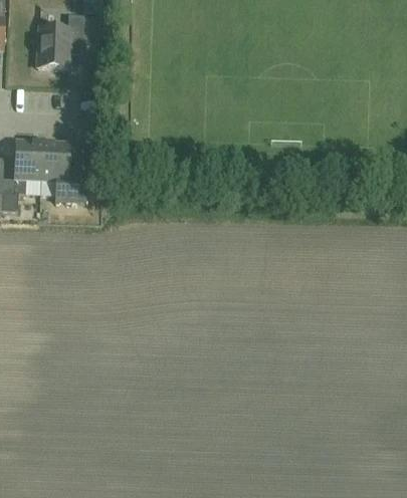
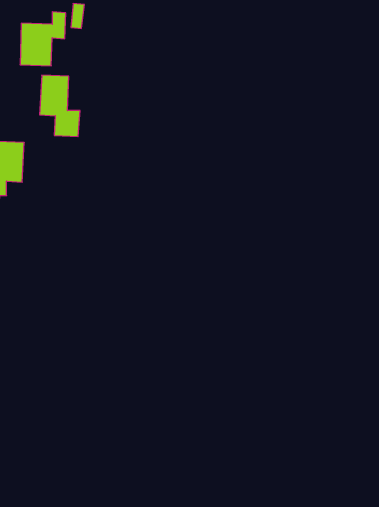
building: [40,141,79,200] -> [40,75,80,137]

